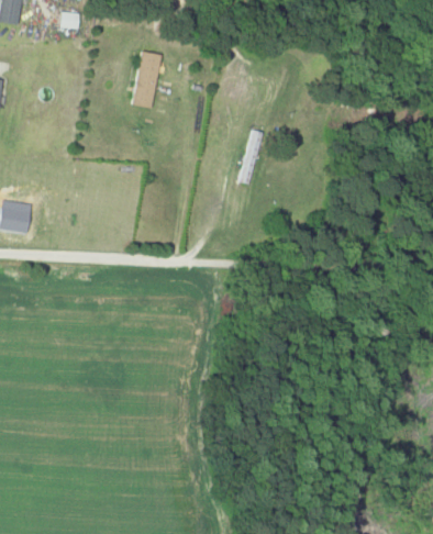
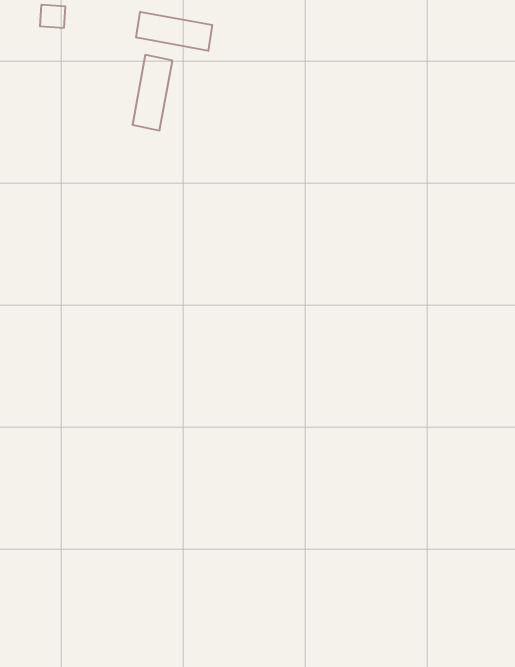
building: none -> [136,12,212,51]

